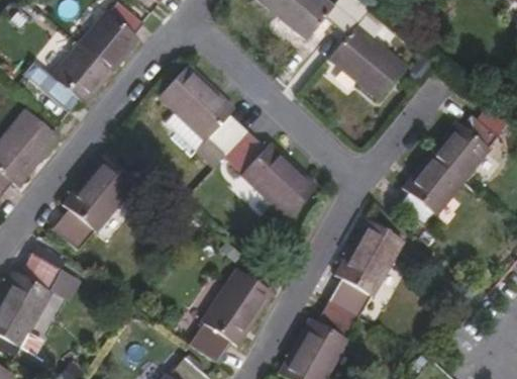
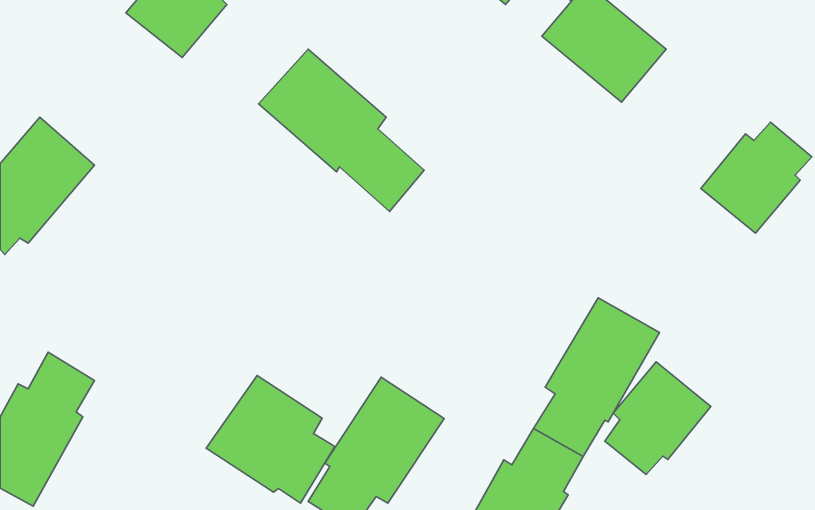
building: [43,45,112,112] -> none
building: [238,141,317,217] -> none
building: [397,153,461,221] -> [605,362,711,474]
building: [50,156,135,249] -> none
building: none -> [206,375,335,503]

